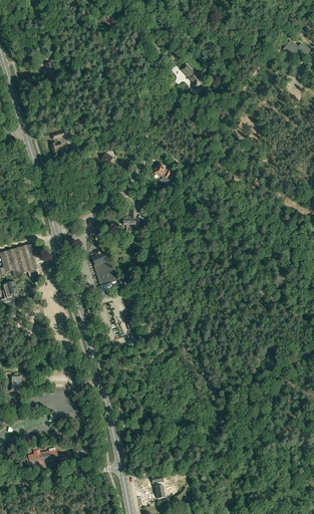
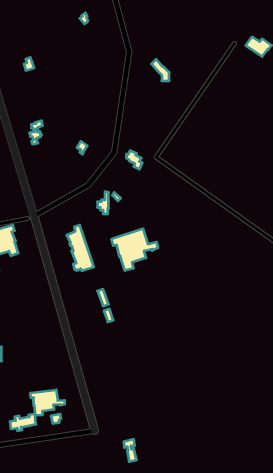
building: none -> [112,229,158,271]
building: none -> [31,390,65,416]

